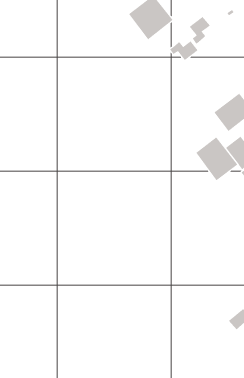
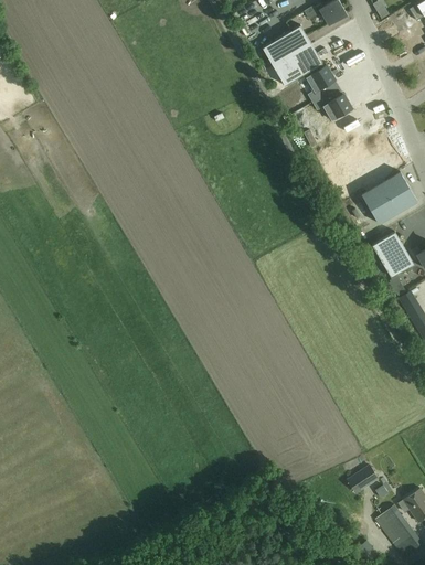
building: [189,16,211,45] -> [306,65,336,103]
building: [196,137,238,181] -> none

